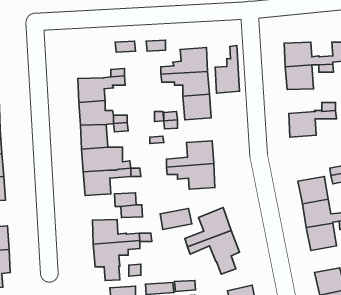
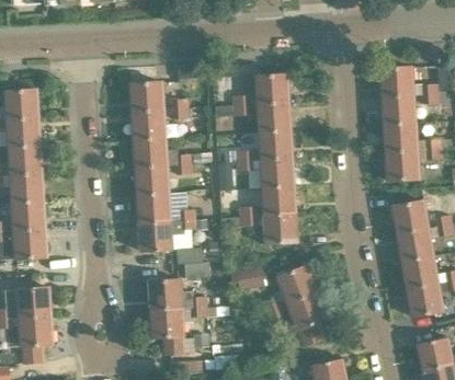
building: [215,46,240,93] -> none
building: none -> [130,81,163,111]
building: none -> [384,123,418,152]
building: none -> [261,158,294,187]
building: none -> [393,200,429,233]

